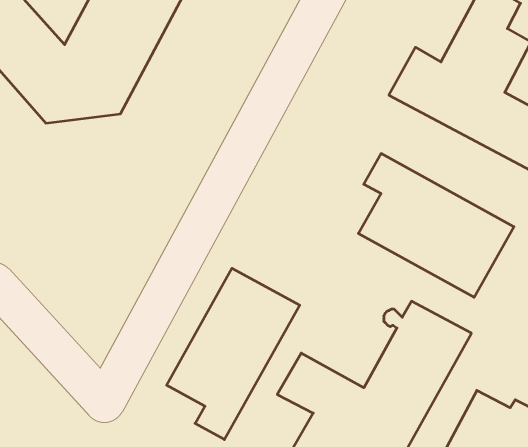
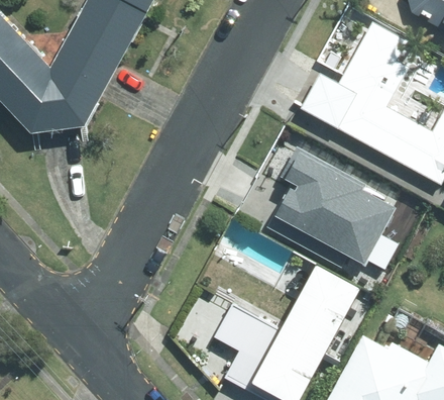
building: [167,268,300,440] -> none

